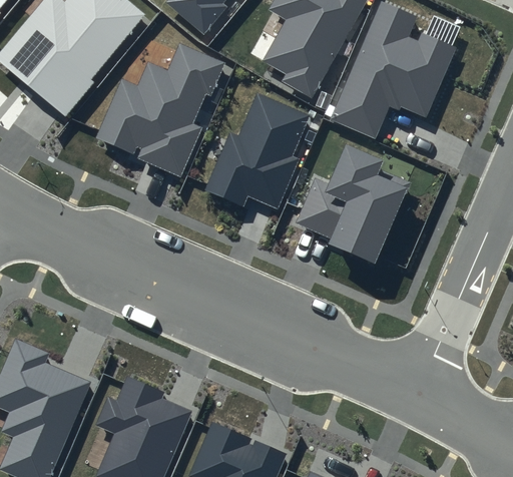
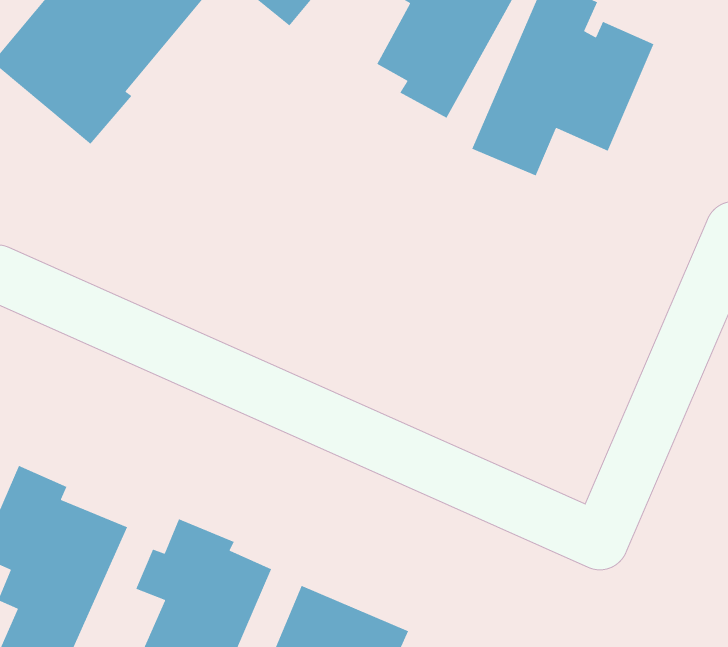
building: [95,44,223,176] -> none
building: [204,92,309,209] -> none
building: [297,143,410,266] -> none

